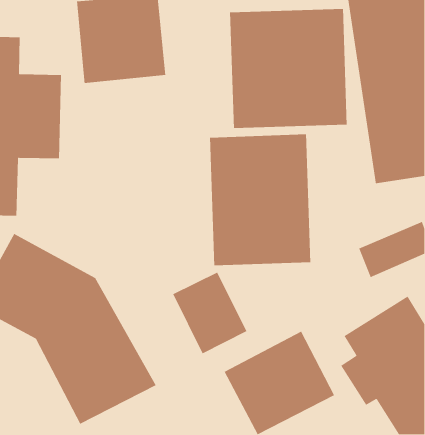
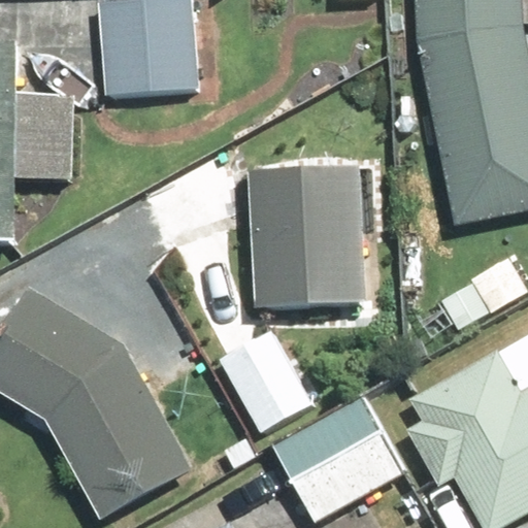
building: [229,8,348,129] -> none

